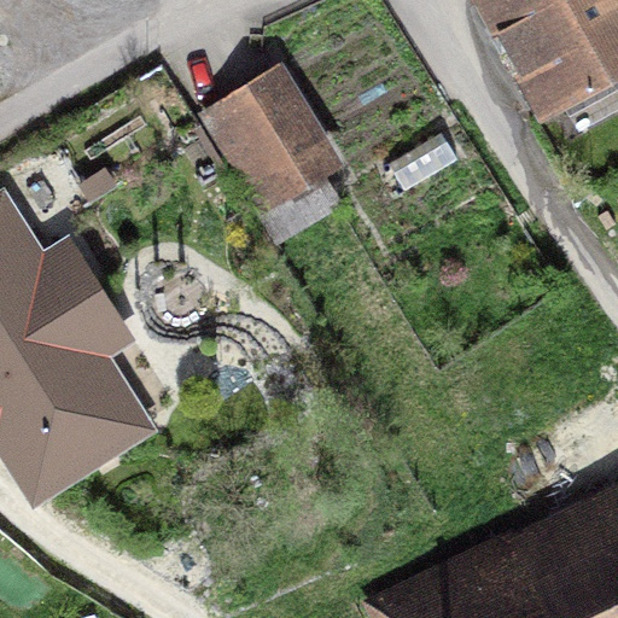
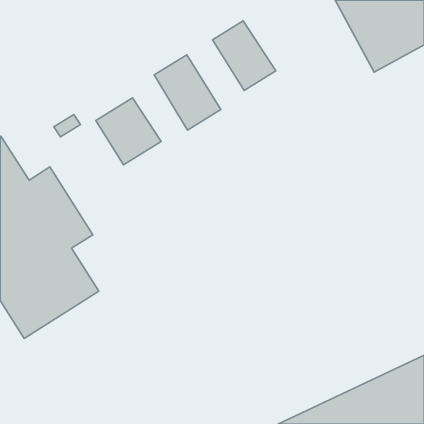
building: none -> [213,21,276,91]
building: none -> [96,98,161,165]

